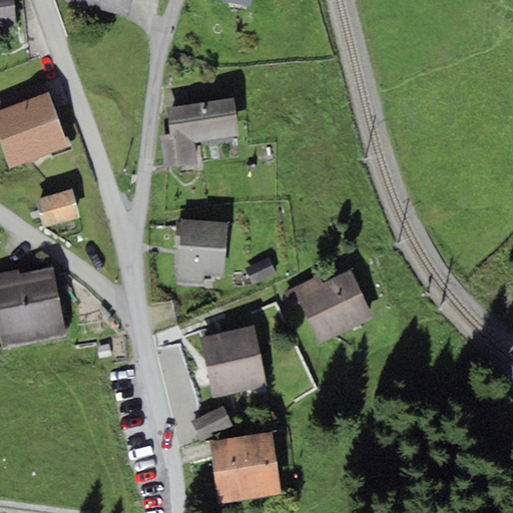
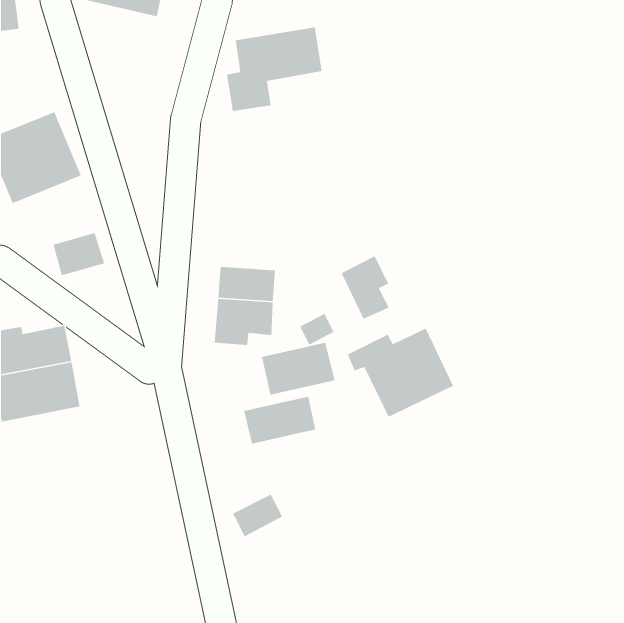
building: [159,96,238,166] -> [226,26,323,112]
building: none -> [340,255,390,320]
building: [206,353,268,397] -> [261,342,336,396]
building: [208,431,281,501] -> none

